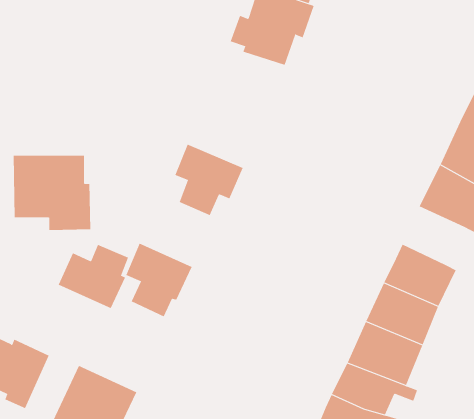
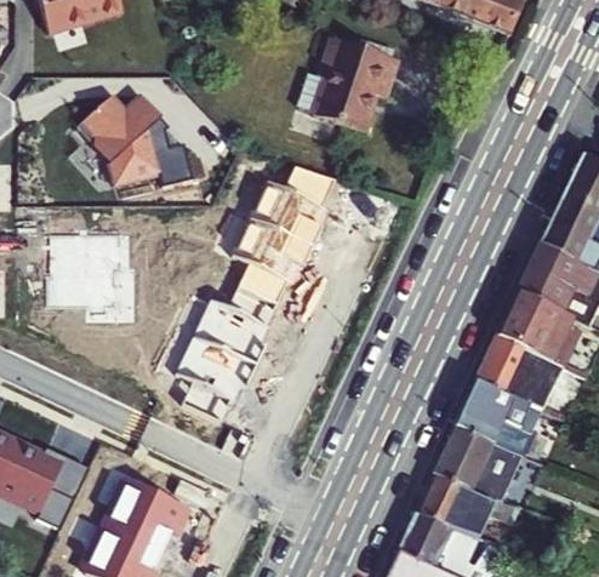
building: none -> [80,92,195,198]
building: none -> [247,165,332,247]
building: none -> [497,292,569,360]
building: [58,244,129,309] -> [192,287,274,362]

